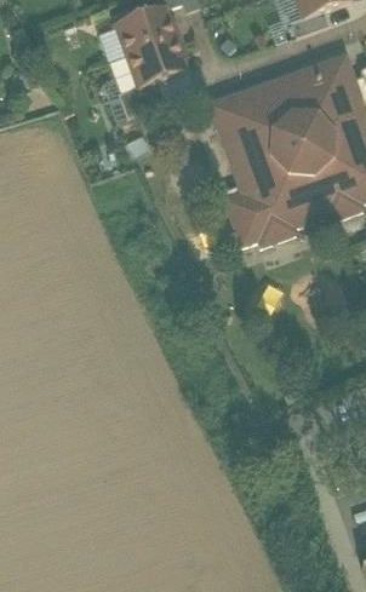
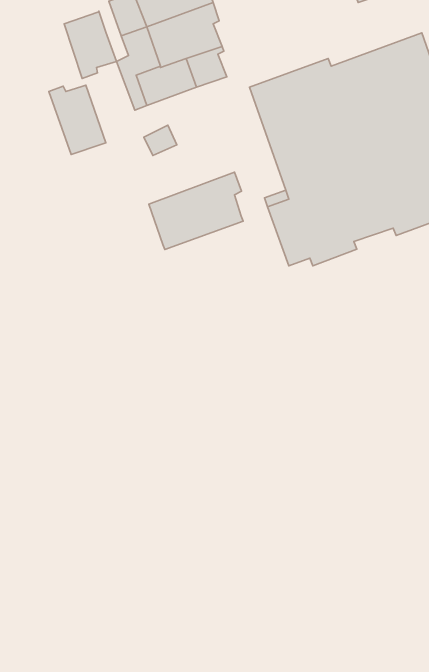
building: none -> [64,11,117,79]
building: none -> [49,85,106,154]
building: none -> [149,172,243,250]

